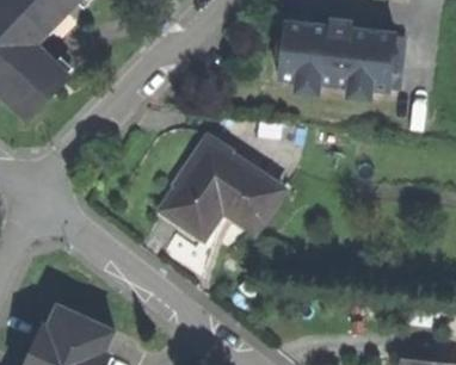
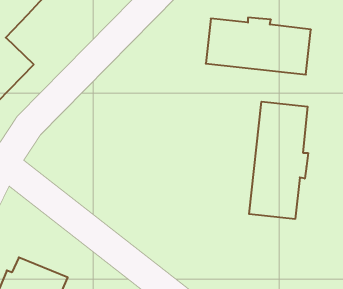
building: none -> [249,102,308,219]
building: [162,136,282,236] -> none

